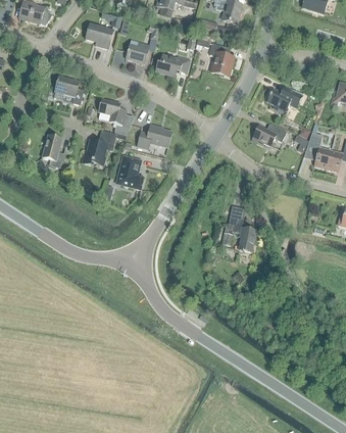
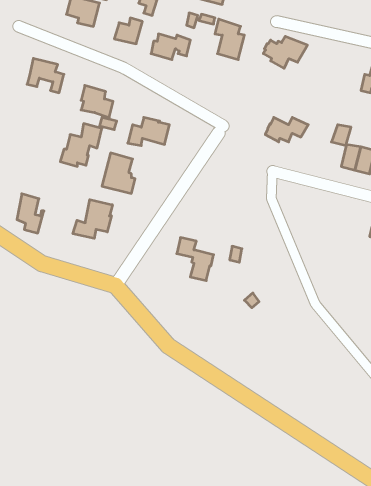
building: [266,86,303,112] -> [263,36,307,68]
building: [43,134,65,166] -> [17,194,44,233]
building: none -> [73,200,112,238]
building: [227,216,257,252] -> [177,238,214,281]

